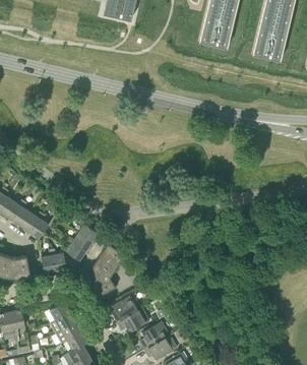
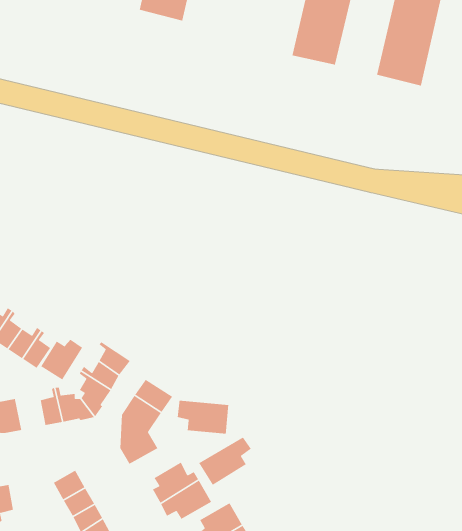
building: none -> [40,339,83,380]
building: none -> [177,400,229,434]
building: none -> [198,437,252,486]

